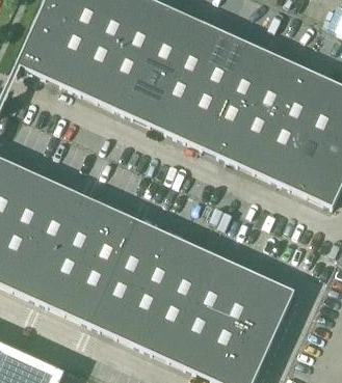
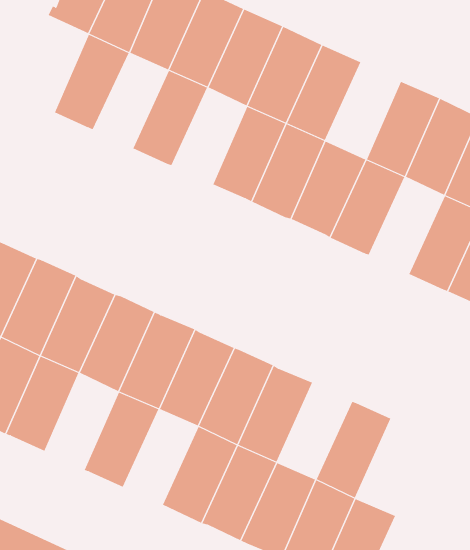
building: [18,10,67,75] -> none
building: [70,35,120,99] -> none
building: [223,42,273,106] -> none
building: [122,58,172,122] -> none
building: [253,117,302,182] -> none
building: [37,247,86,311] -> none
building: [191,253,241,318] -> none
building: [89,271,139,334] -> none
building: [243,277,294,341] -> none

